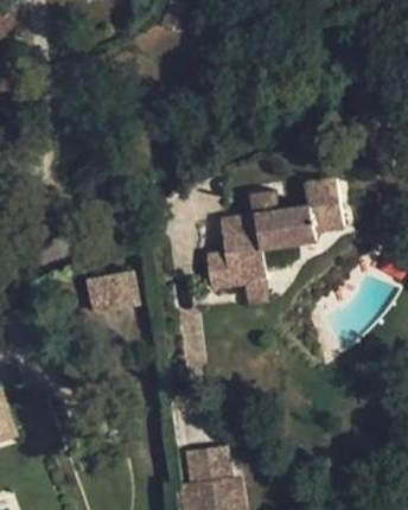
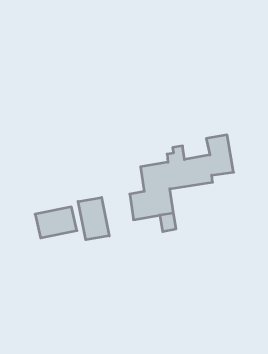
building: none -> [78,197,109,240]

